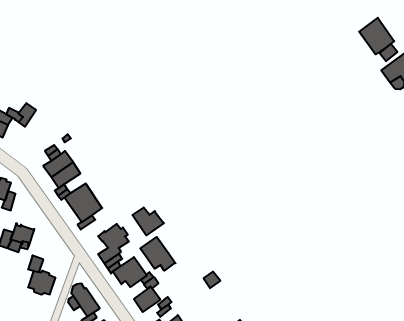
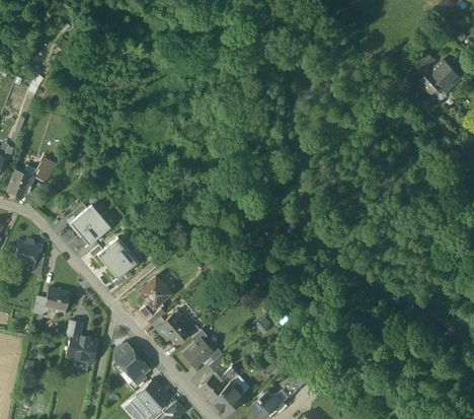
building: [359,18,394,54] -> none
building: [132,207,164,235] -> none
building: [140,237,176,271] -> none

